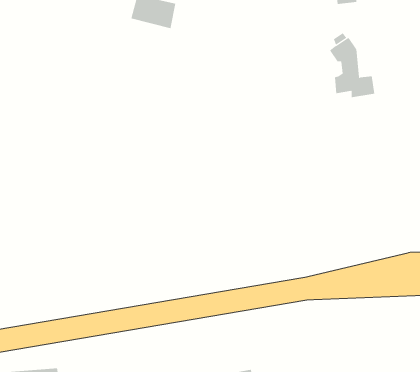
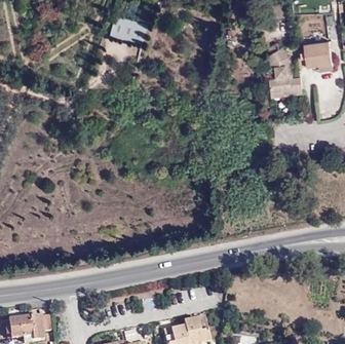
building: none -> [299,44,333,70]

